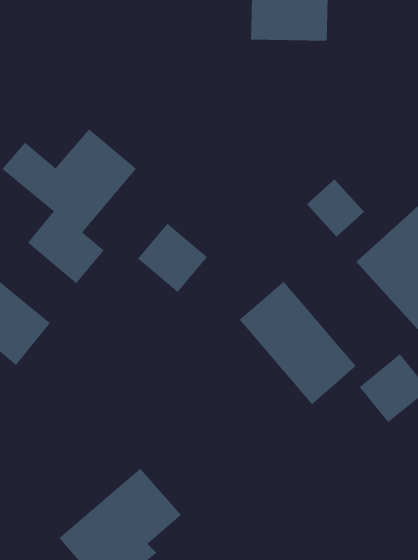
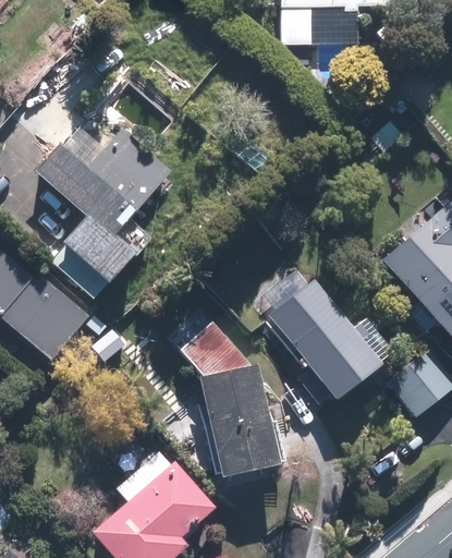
building: [306,179,365,238] -> none
building: [137,223,208,293] -> none
building: none -> [179,320,284,474]

